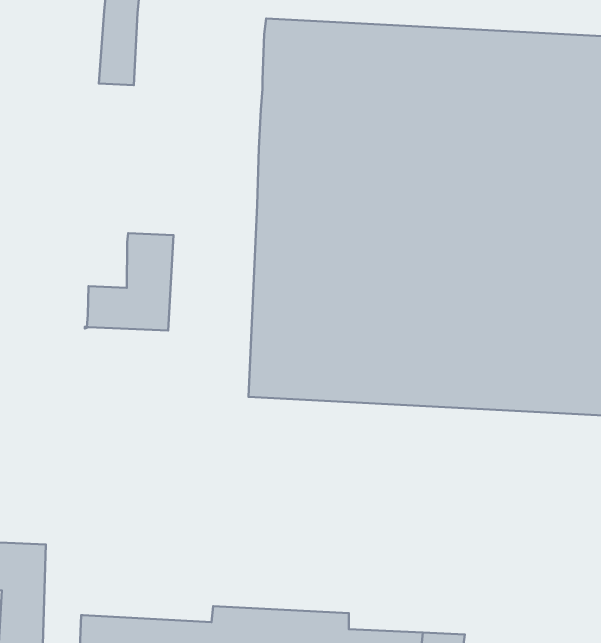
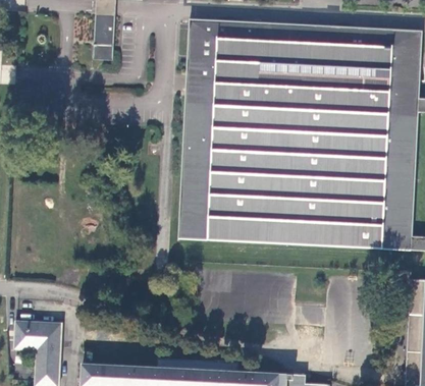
building: [85,233,173,330] -> none

